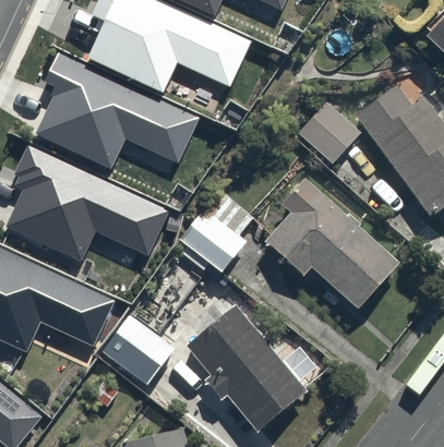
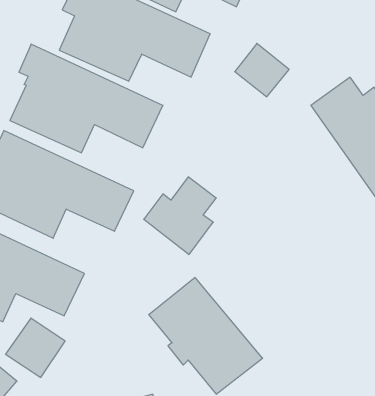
building: [302,104,361,161] -> [235,43,289,97]
building: [266,179,406,310] -> none
building: [106,319,170,384] -> [6,318,65,377]

